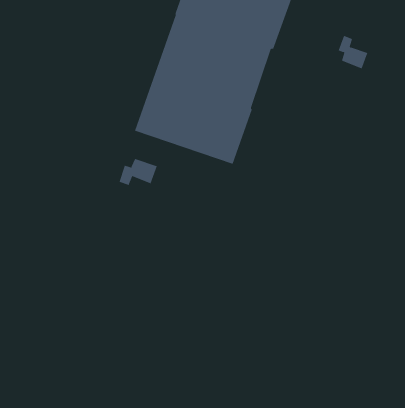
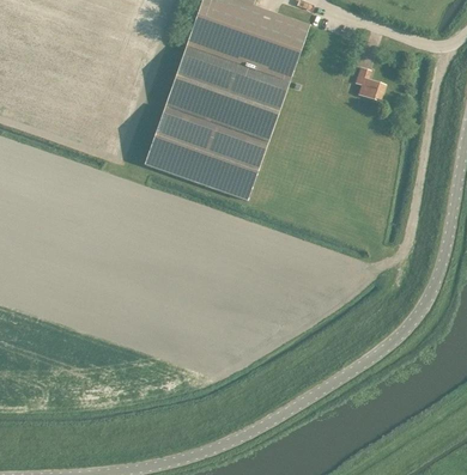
building: [119,158,157,186] -> none

